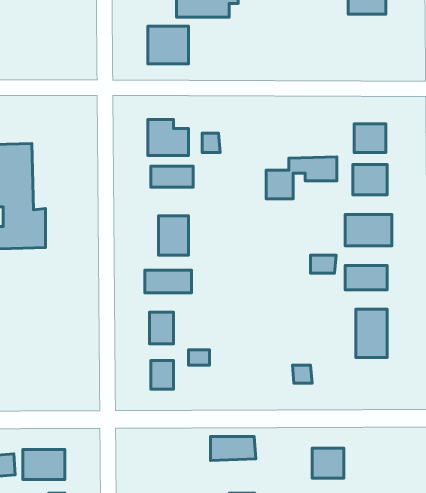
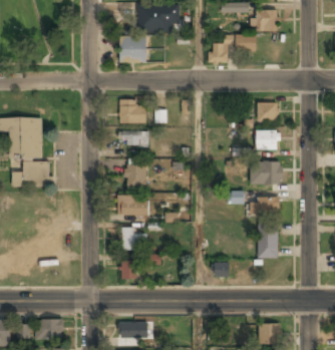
building: [266,157,337,199] -> [210,35,257,63]
building: [211,436,256,460] -> [119,323,149,339]
building: [312,448,344,478] -> [259,324,280,344]

